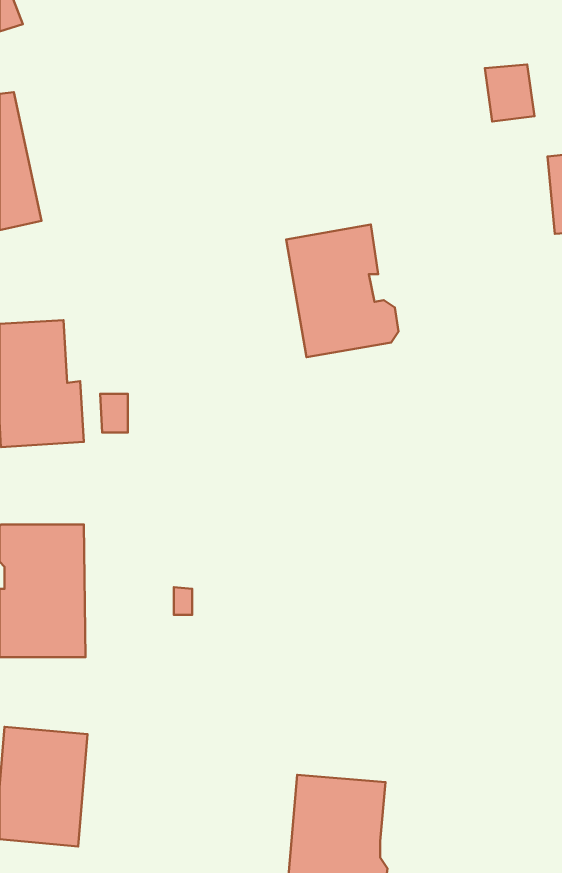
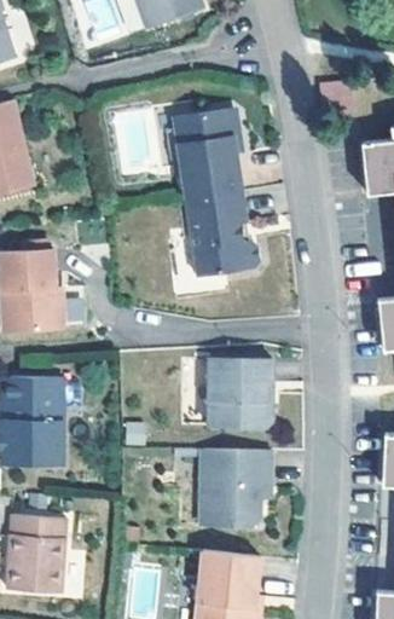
building: none -> [178,106,248,197]
building: none -> [207,357,271,424]
building: none -> [198,447,270,523]

